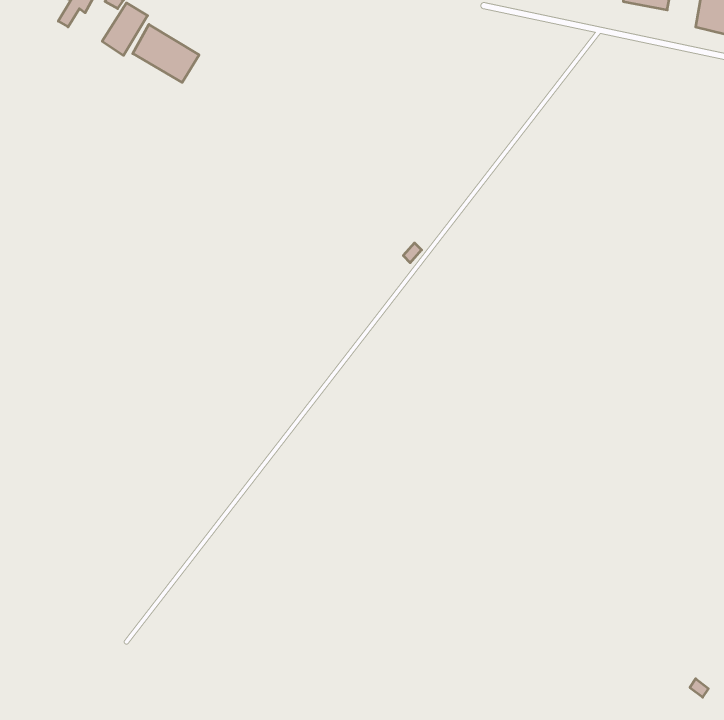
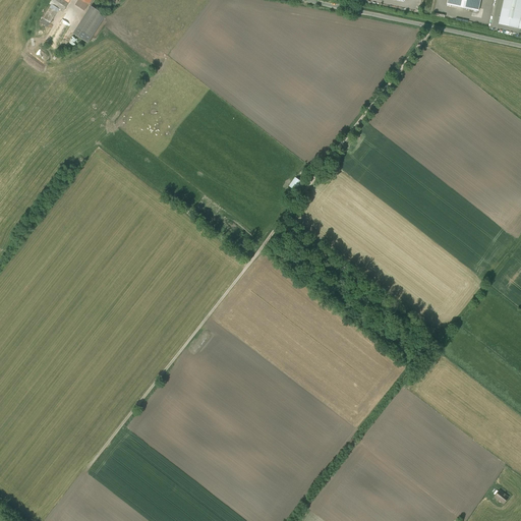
building: [133,24,199,82] -> none

